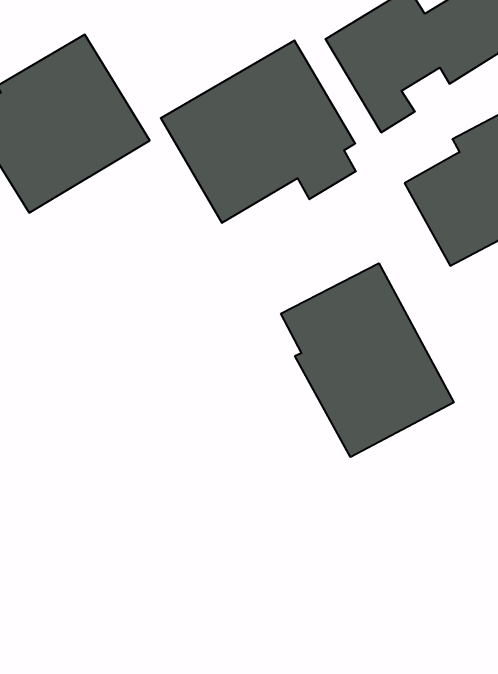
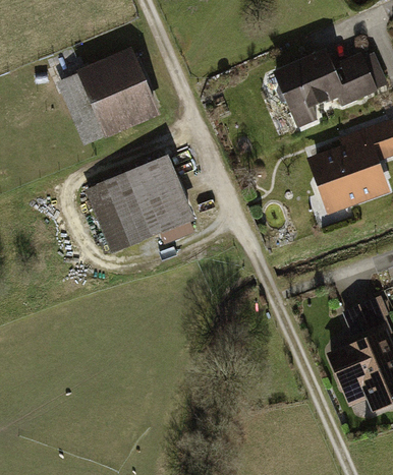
building: [161,40,356,223] -> [85,155,195,254]
building: [281,263,454,457] -> none

